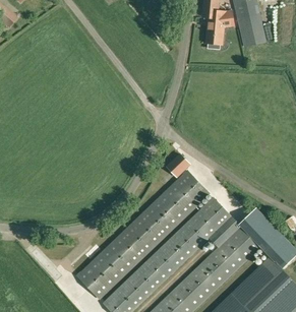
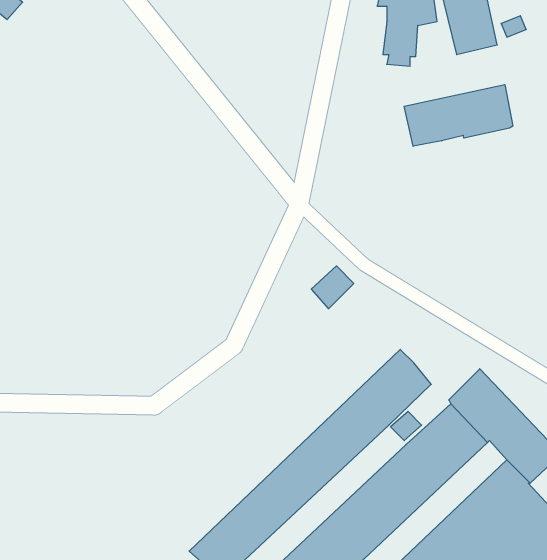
building: none -> [404,85,513,146]
building: [77,170,209,298] -> none

